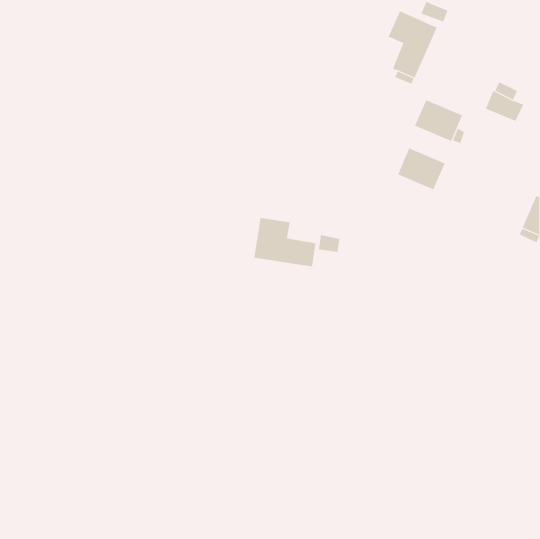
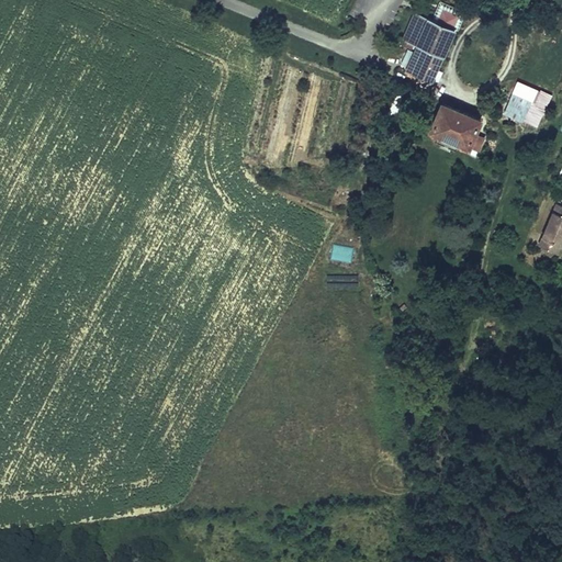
building: [398,148,445,190] -> none
building: [254,217,316,267] -> none

